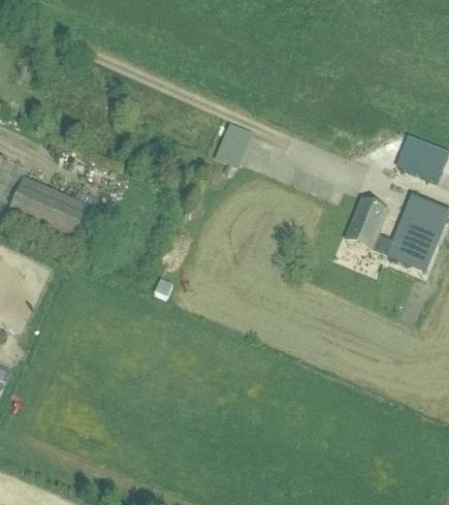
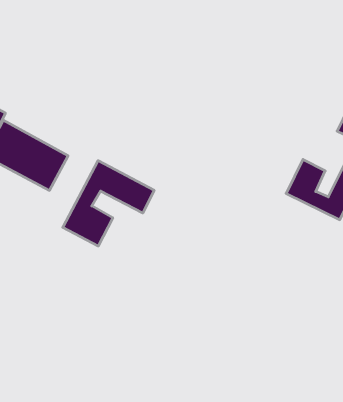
building: none -> [63,161,154,246]

